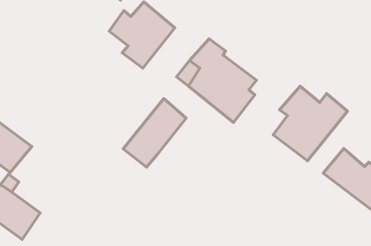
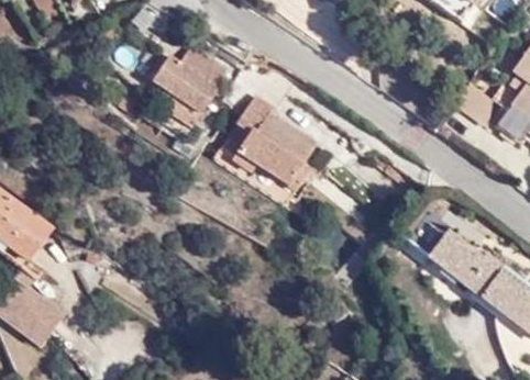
building: [273,86,347,161] -> none
building: [123,99,186,167] -> none

